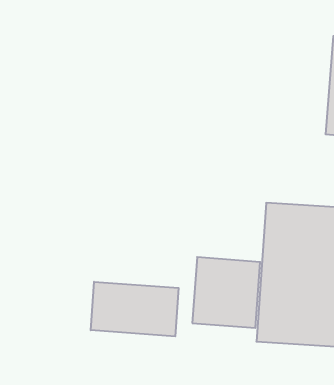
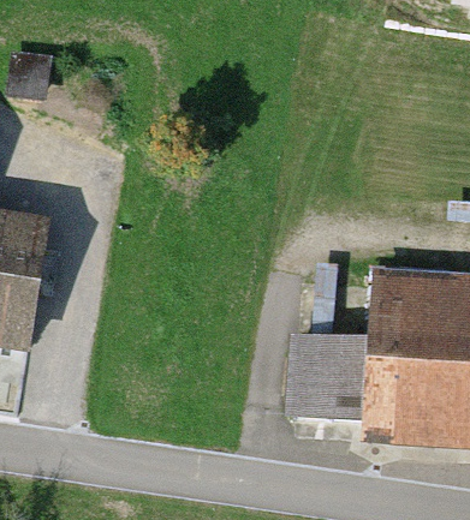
building: [91,282,179,336] -> none

